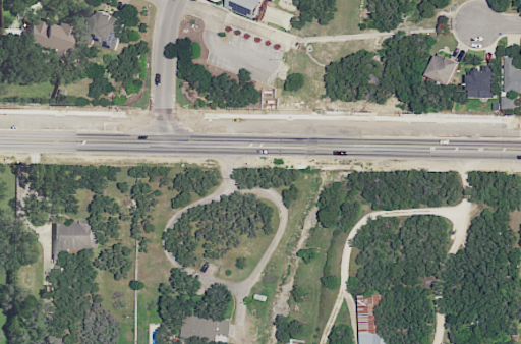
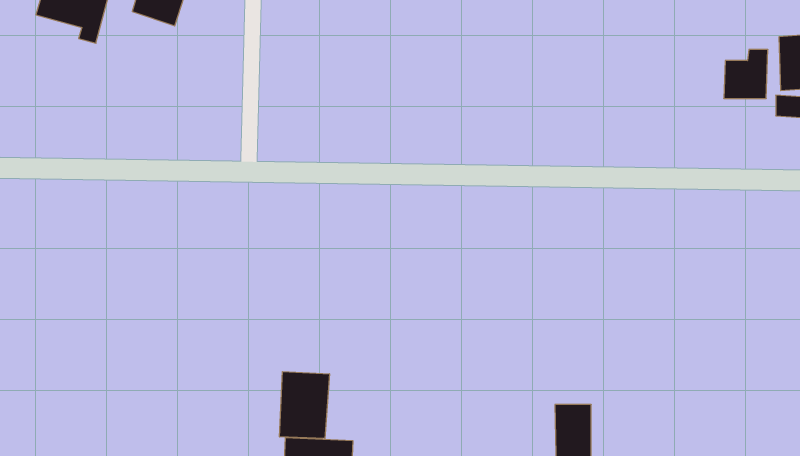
building: [426,53,459,85] -> none
building: [53,221,97,263] -> none
building: none -> [280,372,329,439]

